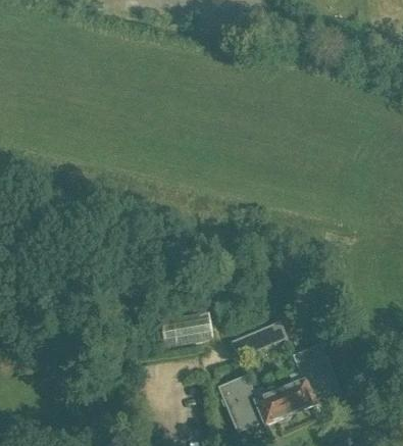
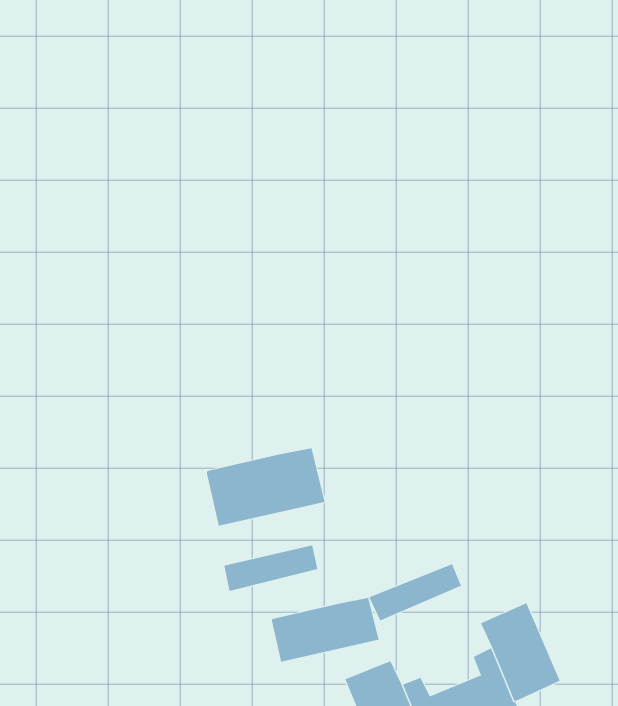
building: none -> [206,447,325,527]
building: none -> [271,597,379,663]

